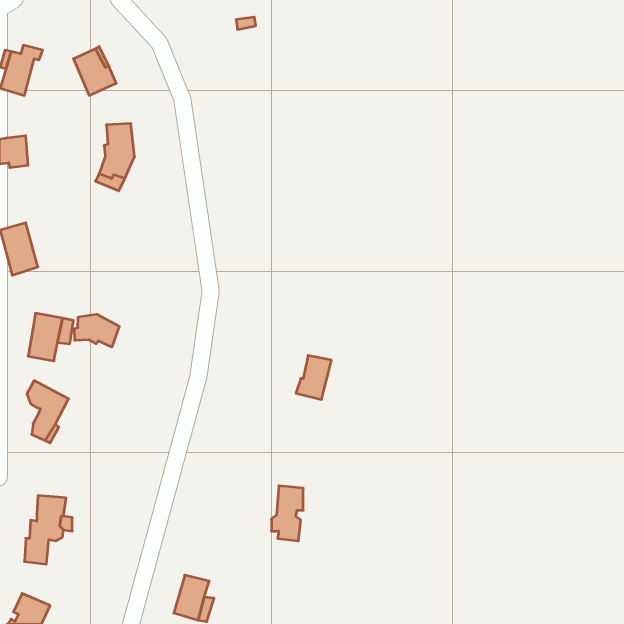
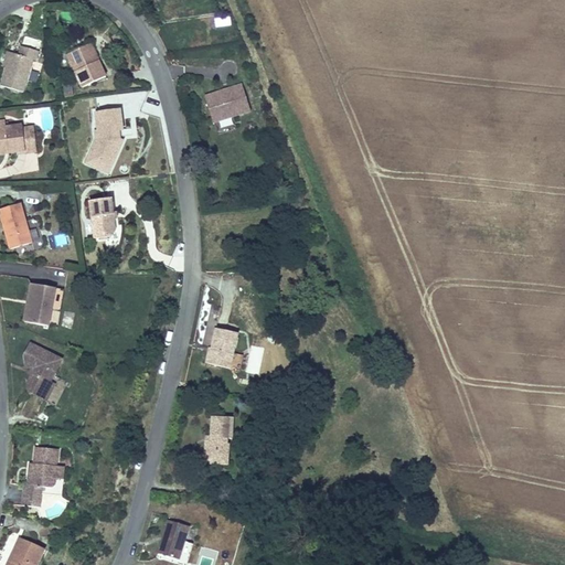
building: none -> [203,84,248,122]
building: none -> [89,195,115,235]
building: [75,314,119,347] -> none
building: [296,355,331,399] -> [204,326,236,365]
building: [271,486,303,541] -> [203,416,232,466]

